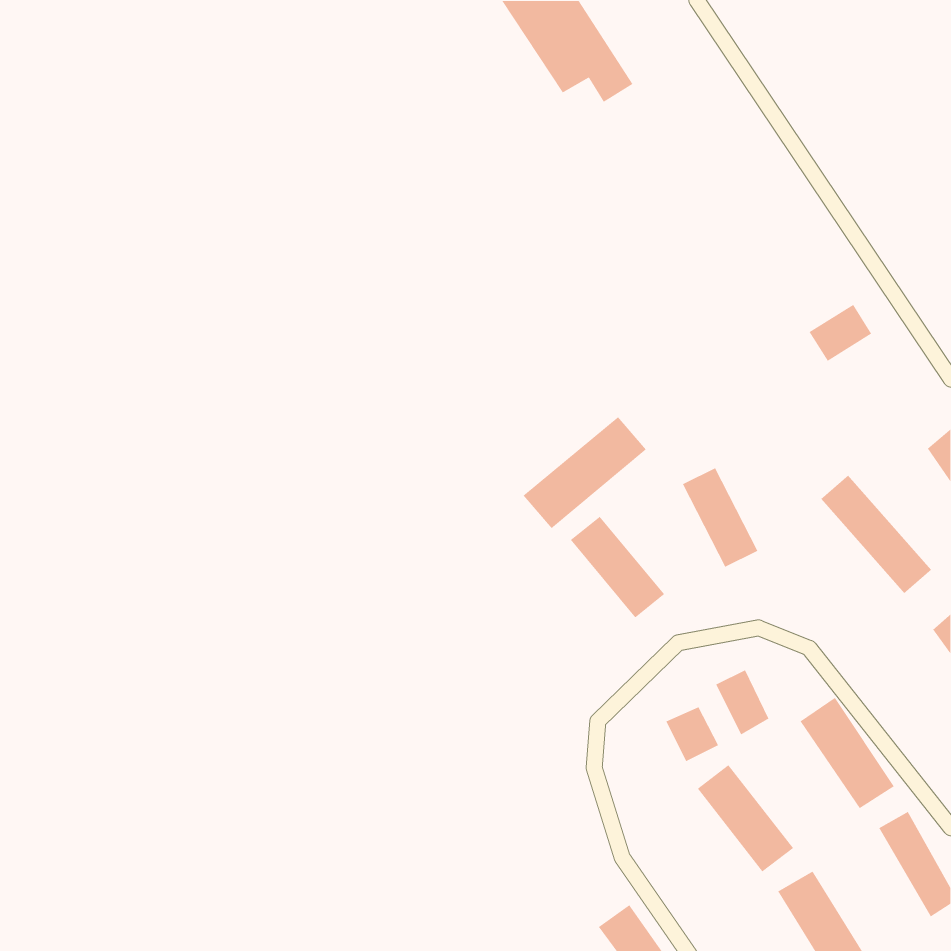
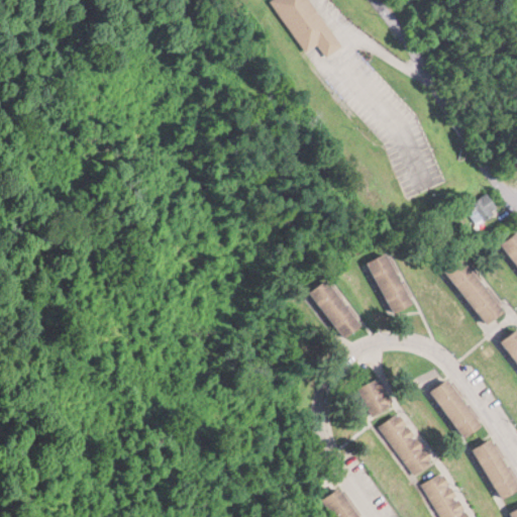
building: [809,304,872,362] -> [464,194,499,225]
building: [523,416,647,529] -> none
building: [715,669,769,735] -> none

